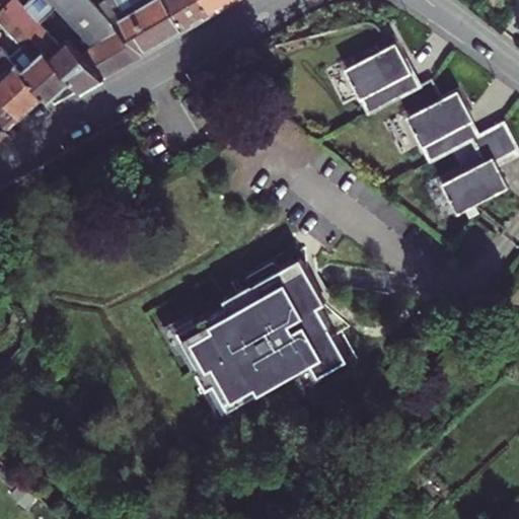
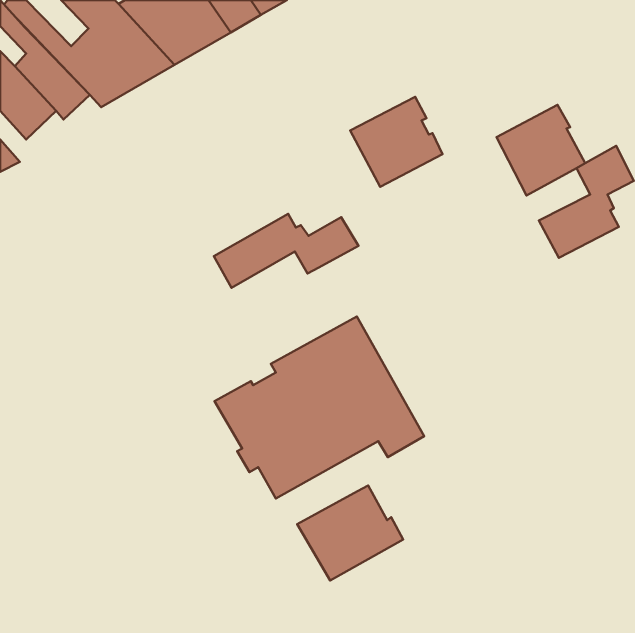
building: [344,41,419,114] -> [350,97,443,187]
building: none -> [214,214,359,288]
building: none -> [297,486,403,581]

